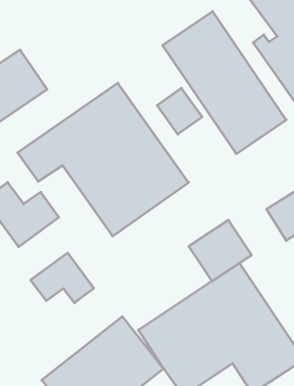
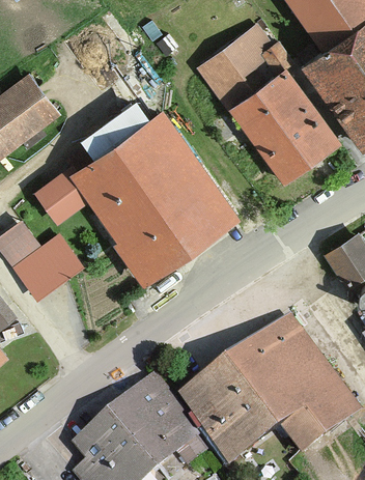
building: [157,88,202,134] -> none
building: [189,220,251,281] -> none
building: [31,253,94,303] -> none

